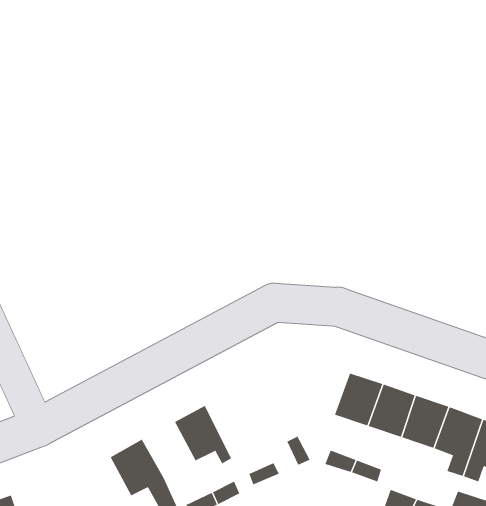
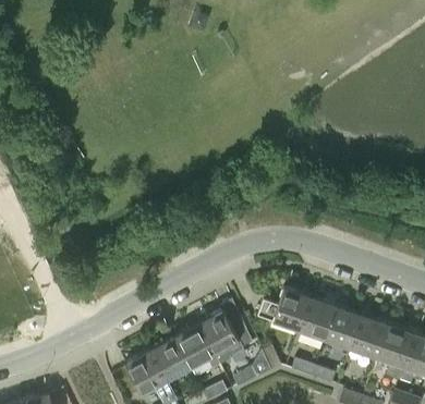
building: none -> [257,289,312,331]
building: none -> [199,310,252,365]
building: none -> [150,336,192,380]

